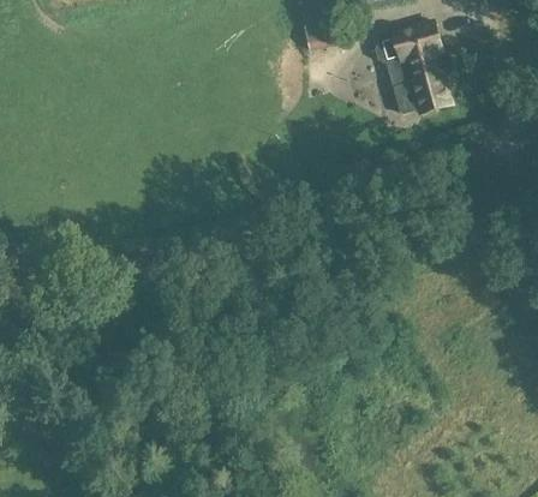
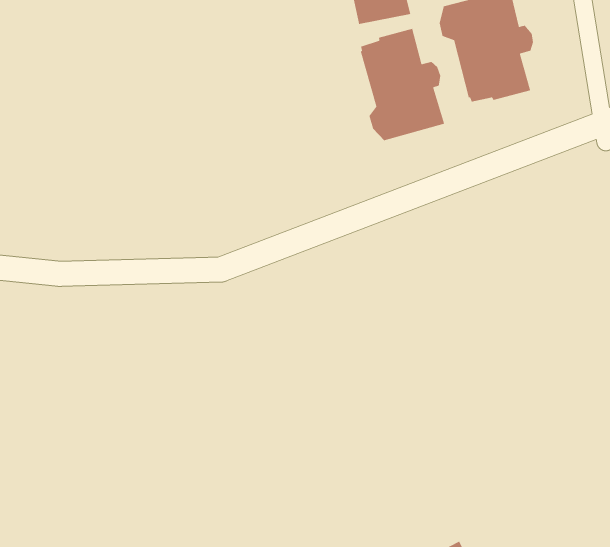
building: none -> [360,28,445,141]

